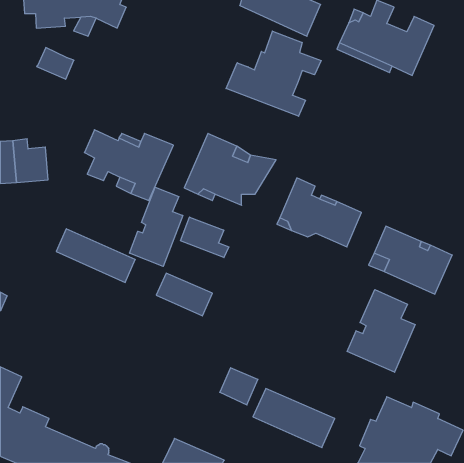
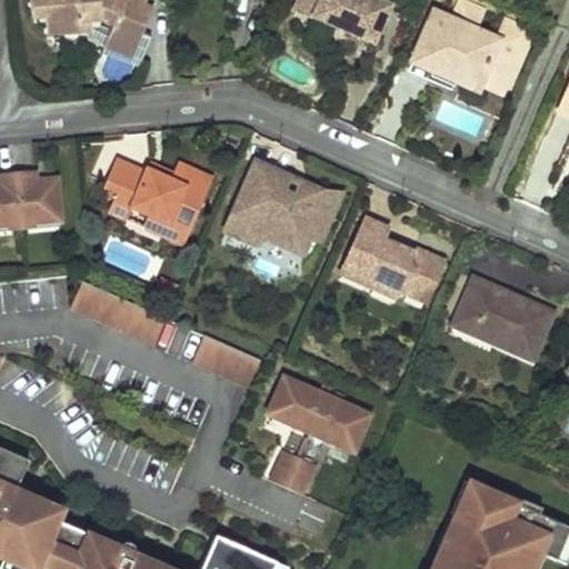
building: [226,31,321,116] -> none
building: [37,48,74,79] -> [107,22,152,61]
building: [130,187,183,266] -> none
building: [181,217,229,258] -> none
building: [347,290,415,372] -> none
building: [253,389,335,448] -> [268,379,368,451]

